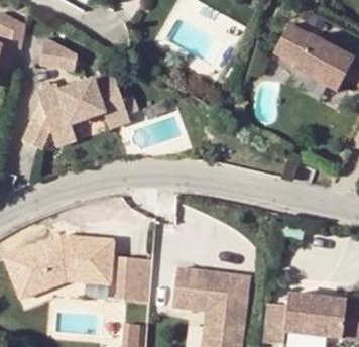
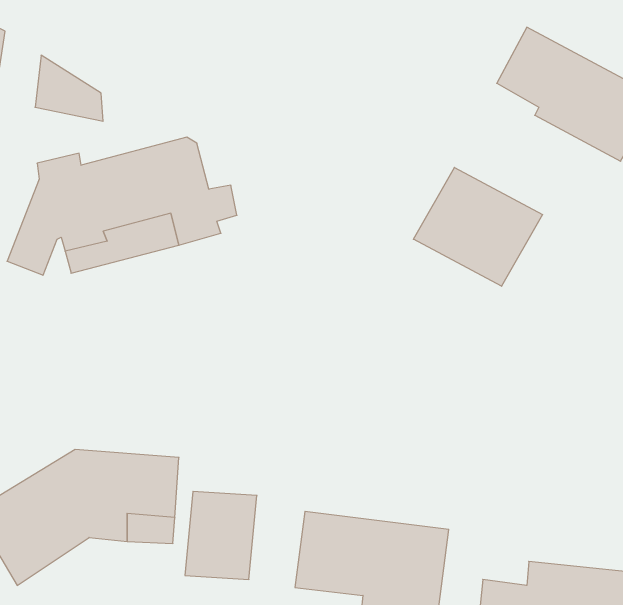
building: none -> [413,167,543,286]

